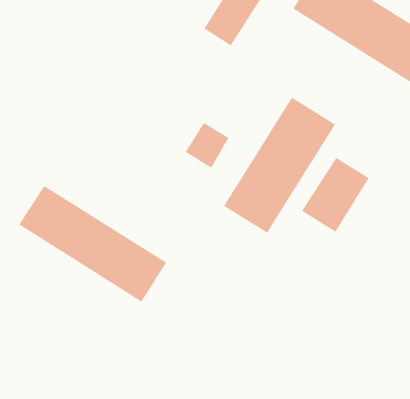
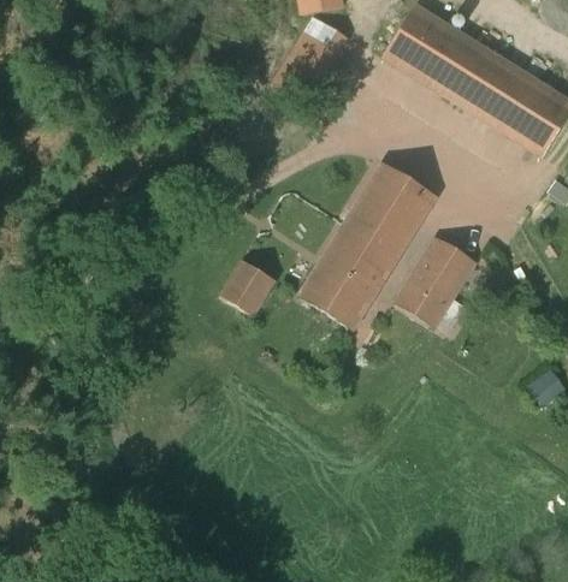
building: [185,122,229,169] -> [221,259,276,315]
building: [18,185,167,303] -> none

